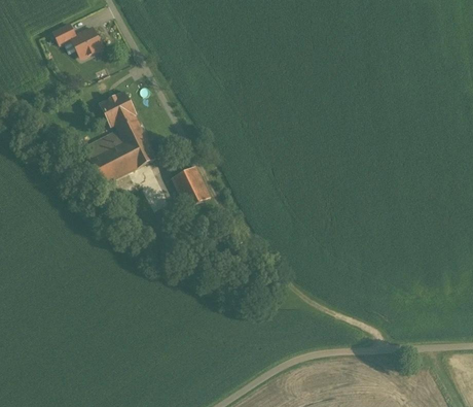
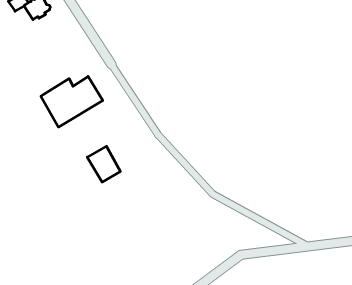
building: [100,92,141,138] -> none
building: [172,166,210,208] -> [87,146,120,182]

